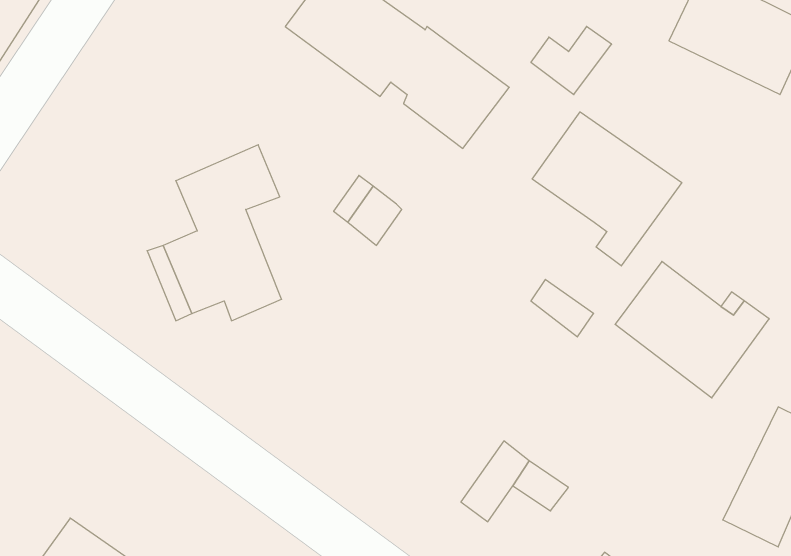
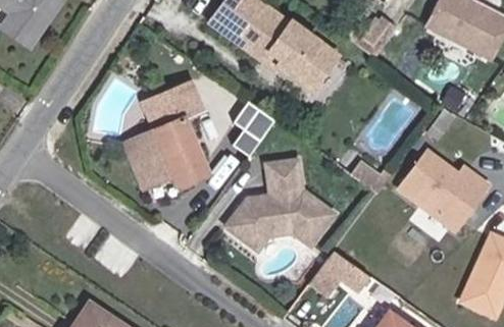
building: [532,112,682,266] -> none
building: none -> [224,159,335,251]

